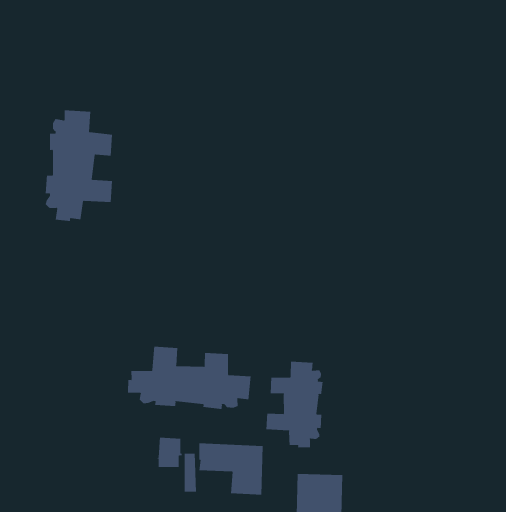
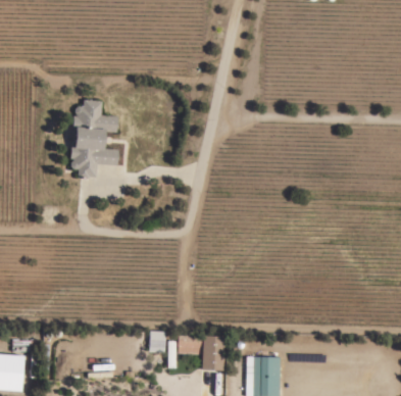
building: [127,346,251,410] -> none
building: [266,361,323,448] -> none

